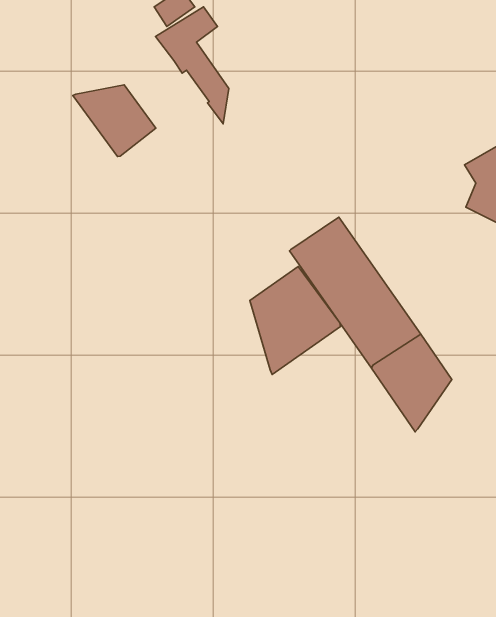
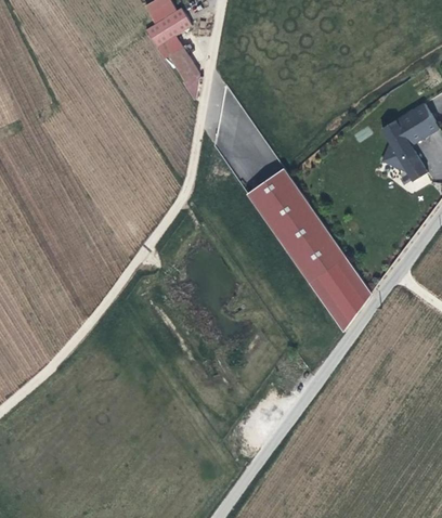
building: [73,85,156,156] -> none
building: [250,267,340,374] -> none

